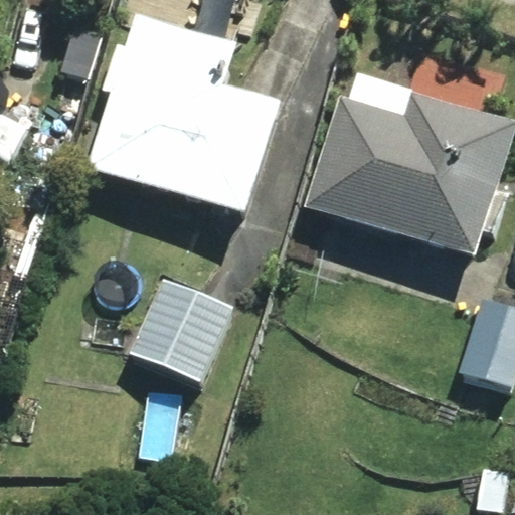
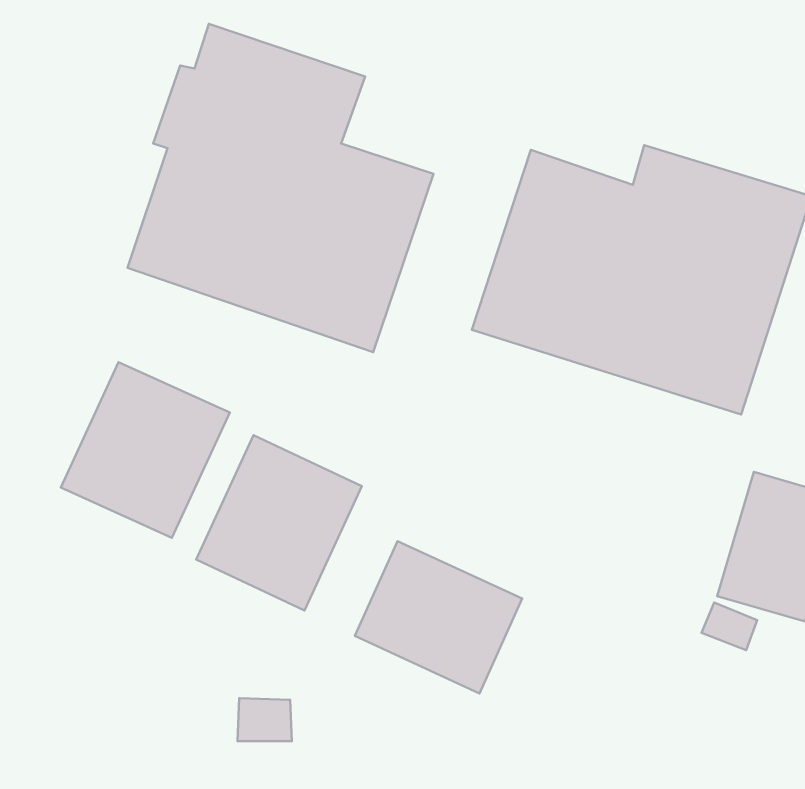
building: none -> [61,362,230,538]
building: none -> [355,541,522,693]

